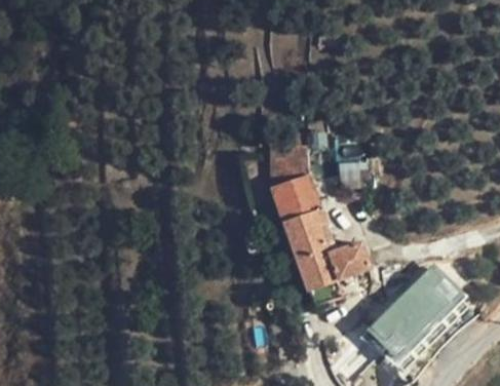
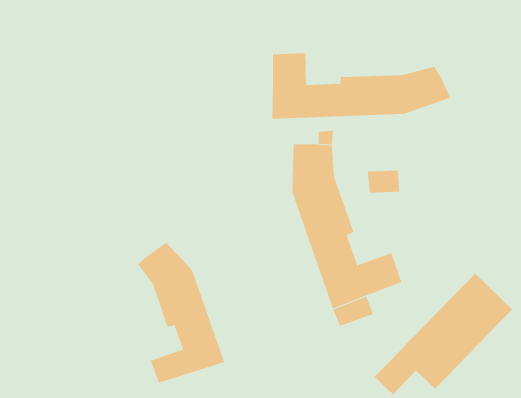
building: none -> [272,53,451,119]
building: none -> [137,242,225,383]

